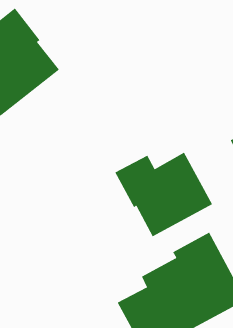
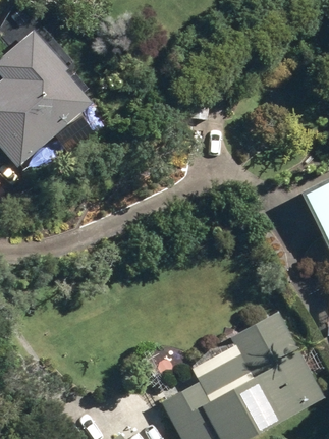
building: [114,152,213,237] -> none

